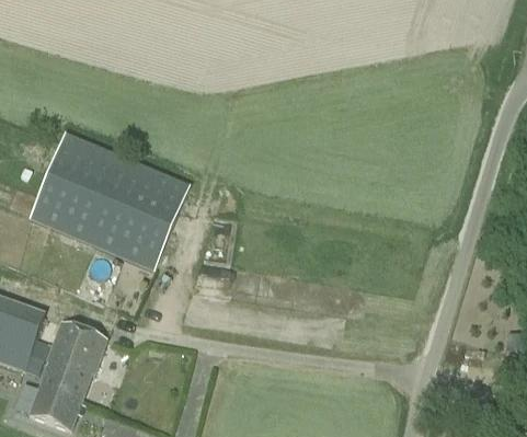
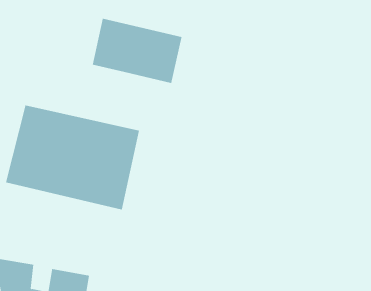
building: none -> [92,18,182,84]

